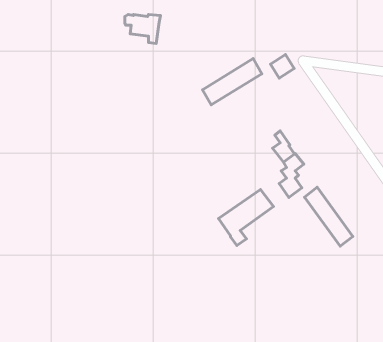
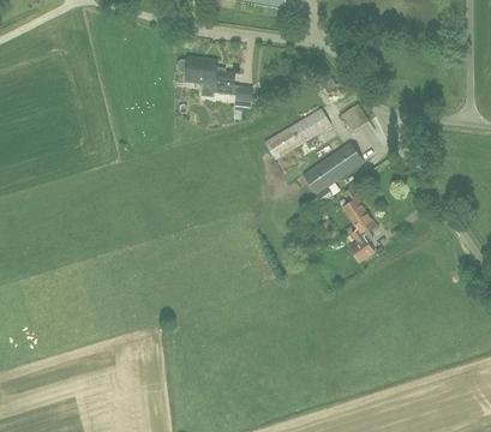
building: none -> [212,67,252,101]
building: [304,187,353,246] -> none
building: [219,189,274,245] -> [303,142,364,204]

